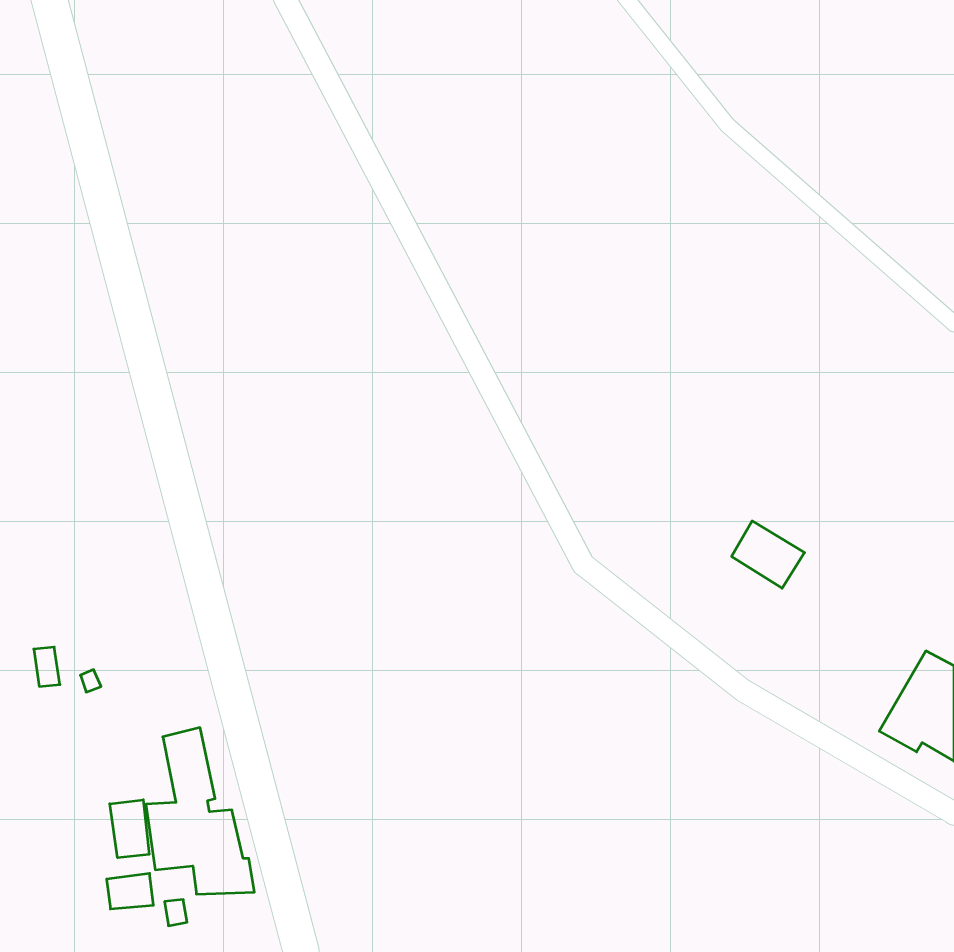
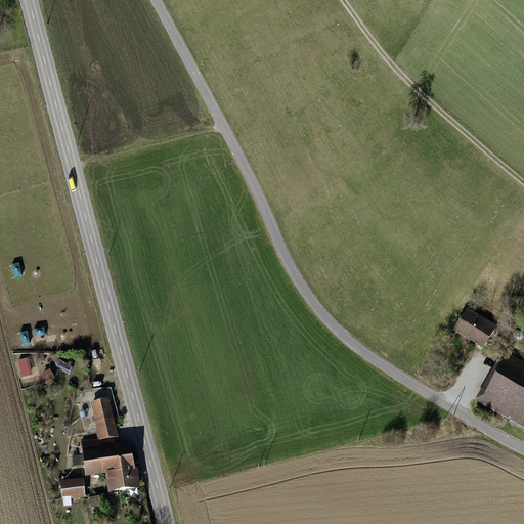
building: [732,521,805,588] -> [455,310,495,347]
building: [110,800,149,858] -> none

